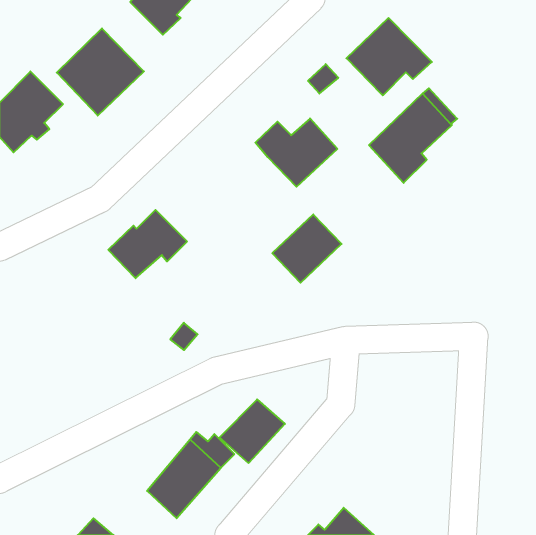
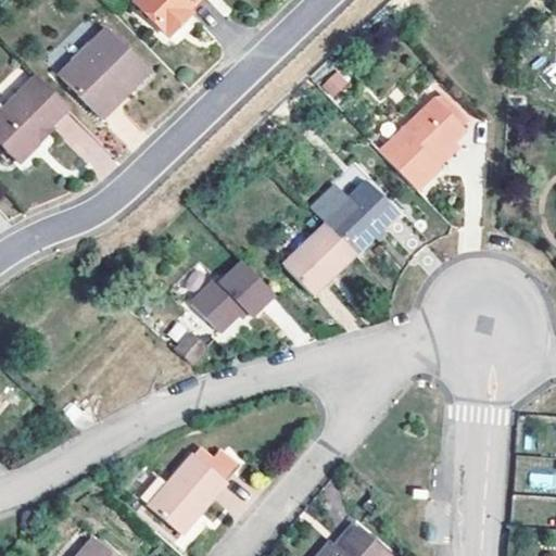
building: [346,18,432,95] -> none
building: [255,118,337,187] -> [311,181,395,252]
building: [108,210,187,278] -> [192,261,274,331]
building: [220,399,285,463] -> none

